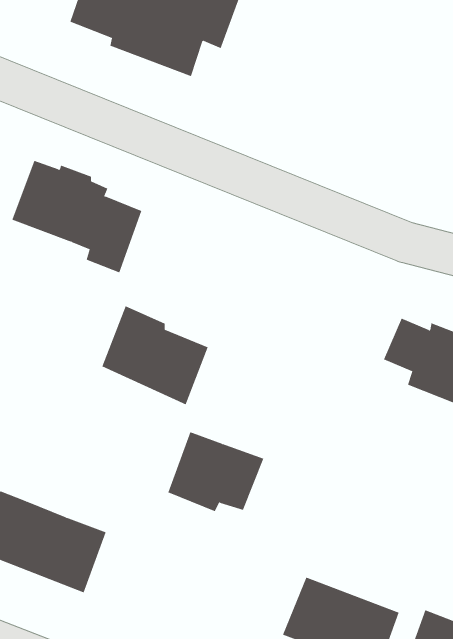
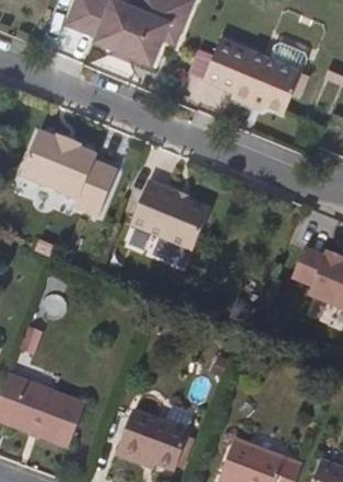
building: none -> [200,40,299,116]
building: [101,306,208,405] -> [129,177,208,250]
building: [168,432,264,512] -> [119,410,190,469]

